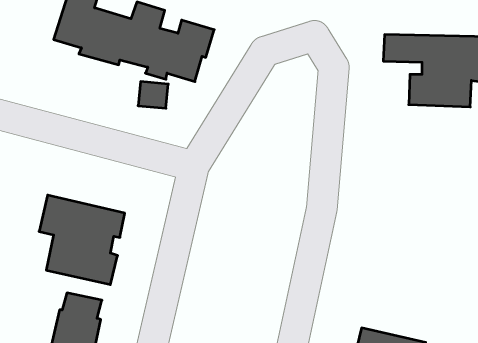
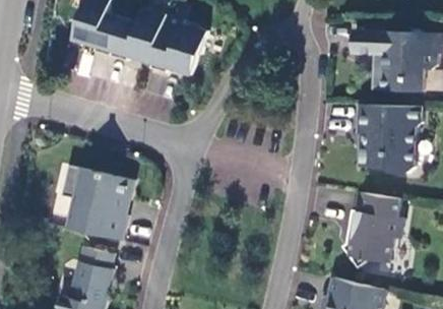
building: none -> [357,107,421,176]
building: none -> [341,194,403,269]

